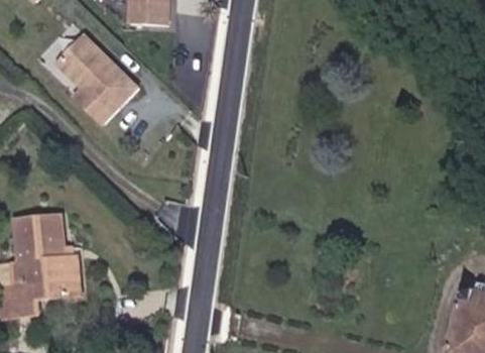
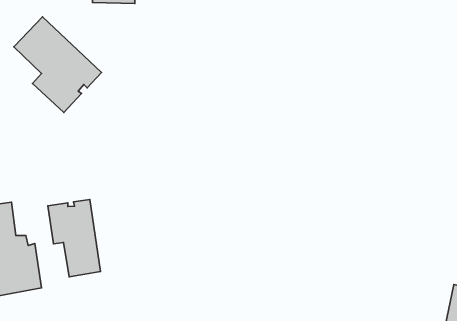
building: none -> [48,200,101,277]

